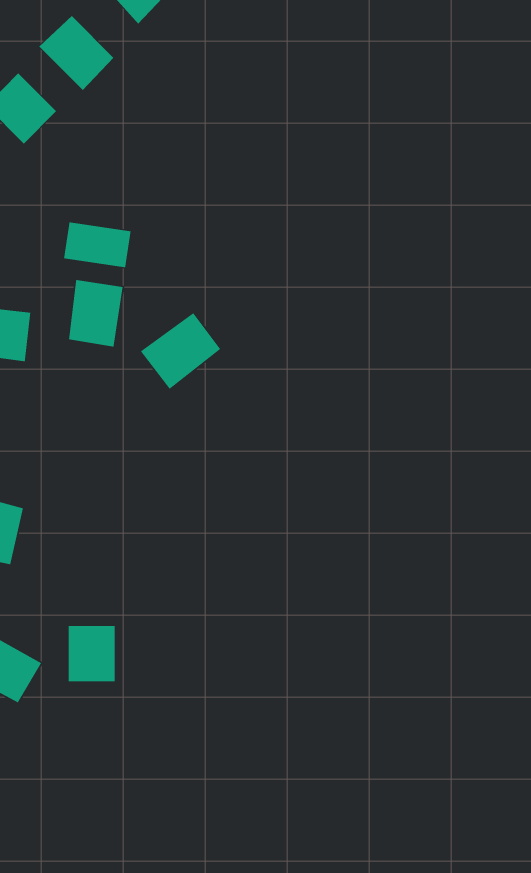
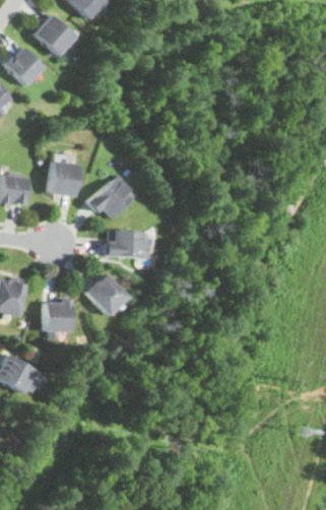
building: [63,221,131,268] -> none
building: none -> [107,231,147,259]
building: none -> [85,274,127,317]
building: [68,625,116,682] -> [45,301,71,332]

